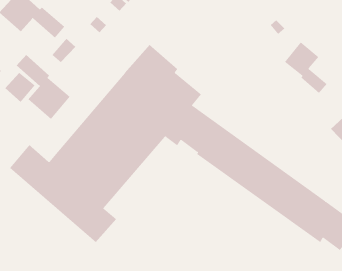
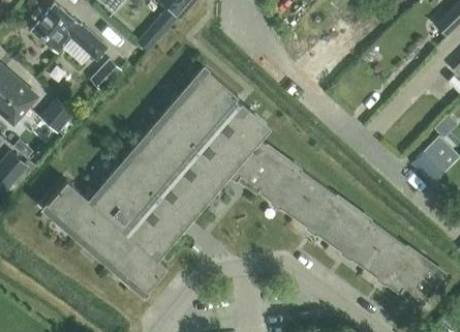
building: [284,42,328,94] -> none
building: [16,54,70,120] -> none

